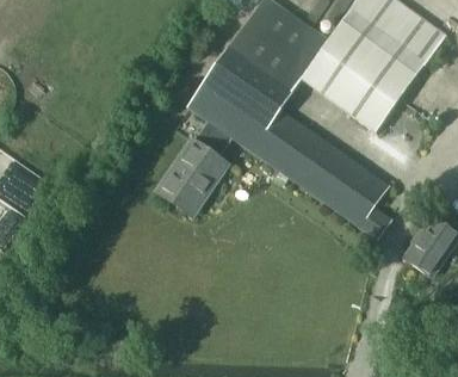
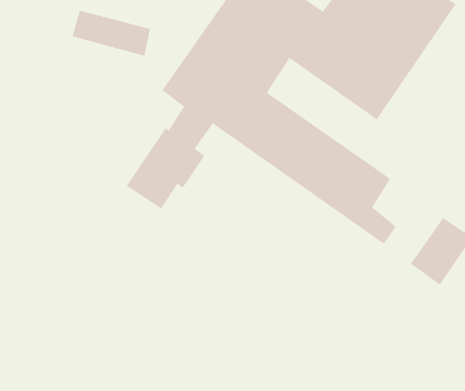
building: none -> [72,10,151,57]

